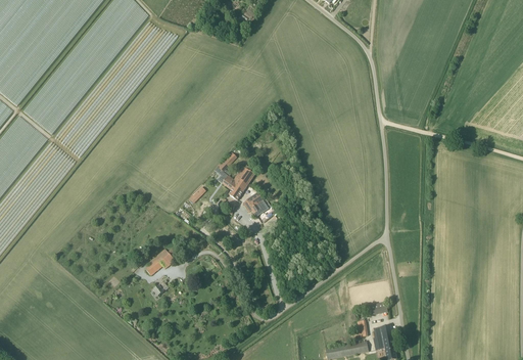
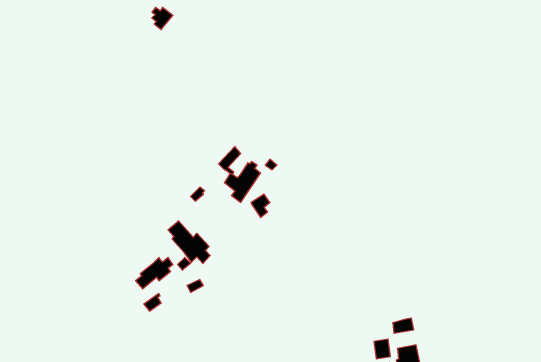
building: none -> [168,221,210,264]

